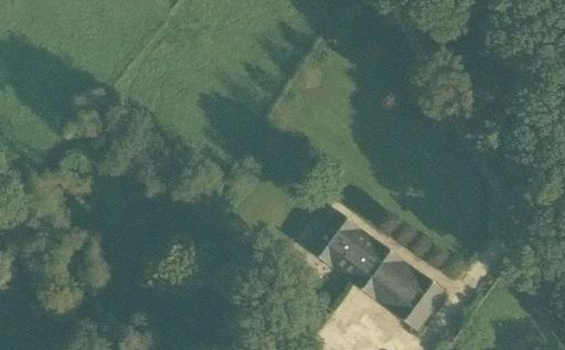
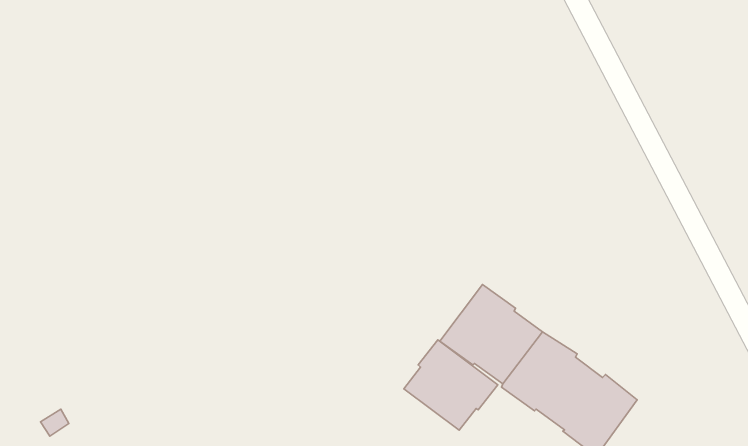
building: none -> [404,340,498,430]

